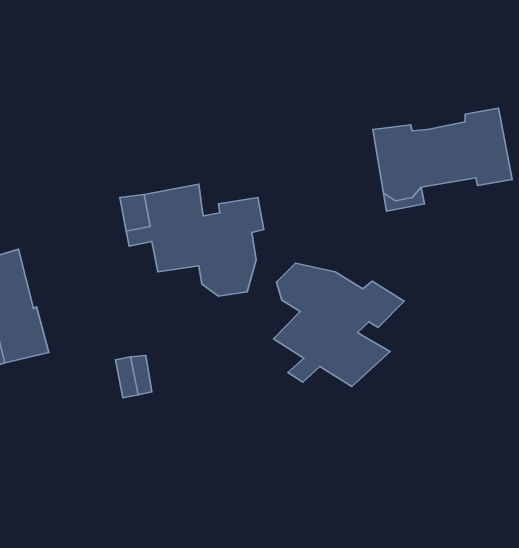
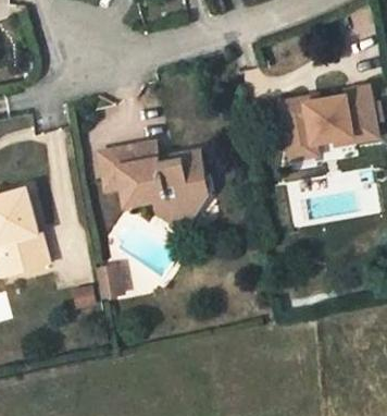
building: [274,263,404,387] -> none

